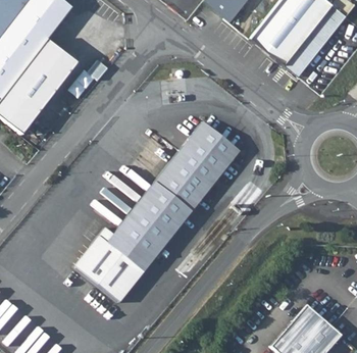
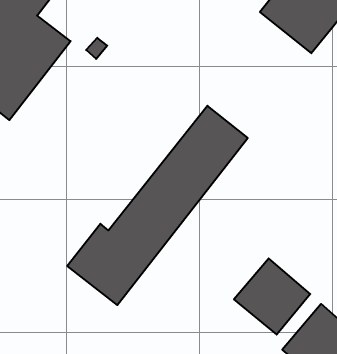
building: none -> [234,258,310,335]

